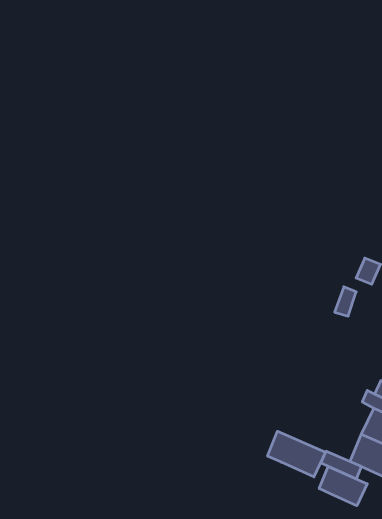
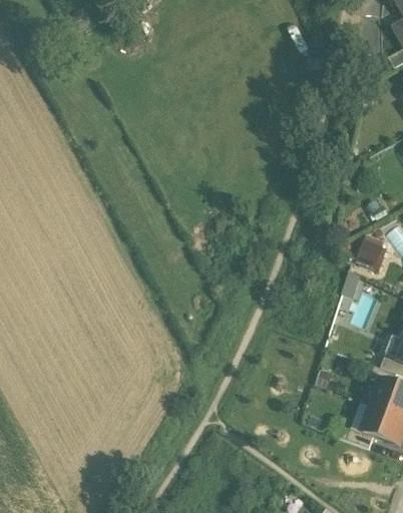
building: [268,431,325,477] -> none
building: [319,467,367,506] -> none

